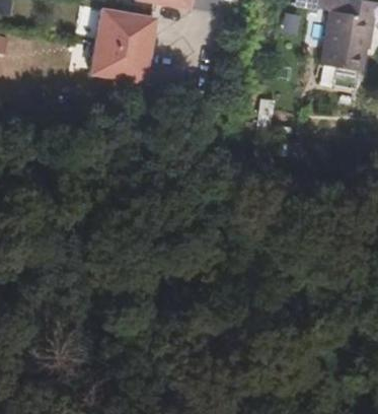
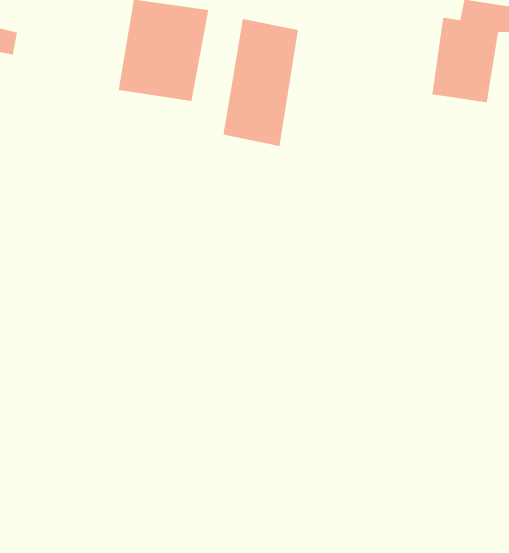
building: none -> [223,18,299,147]

